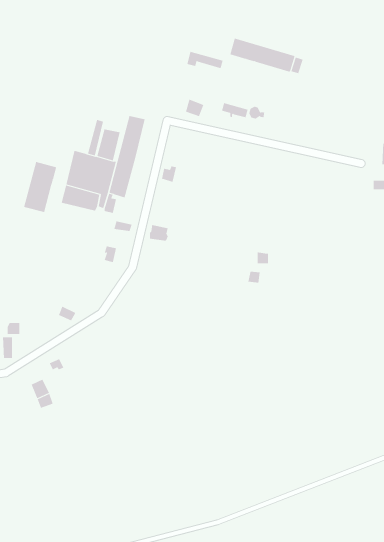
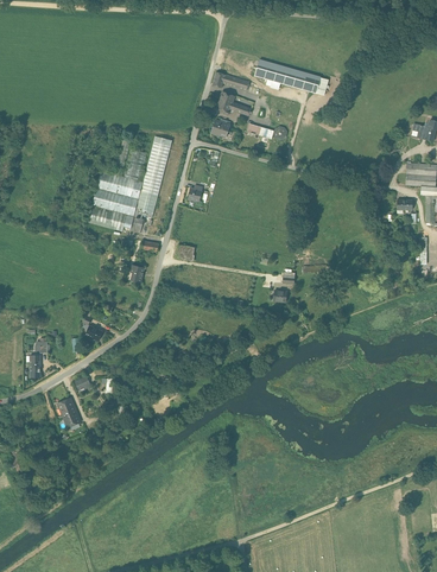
building: none -> [214,91,252,115]
building: [24,161,57,213] -> none

